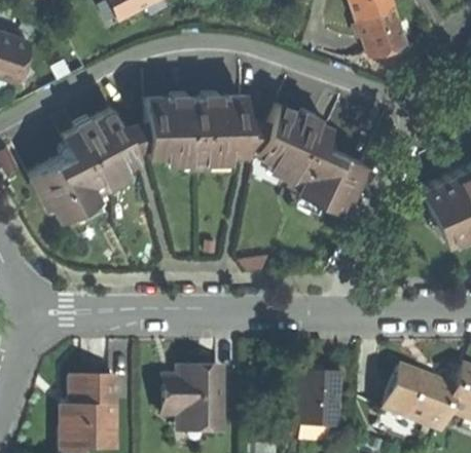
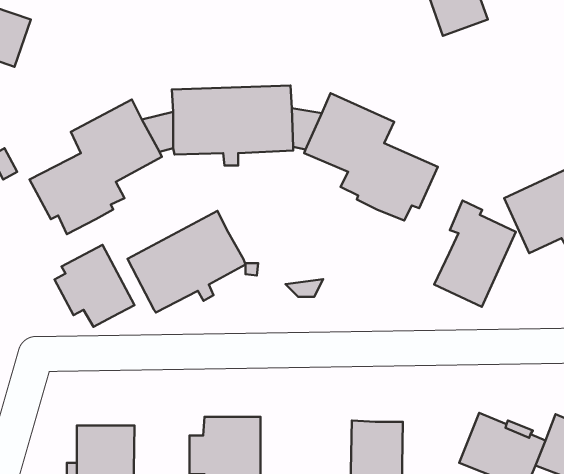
building: none -> [434,200,516,307]
building: none -> [128,211,246,312]
building: none -> [54,245,135,327]

